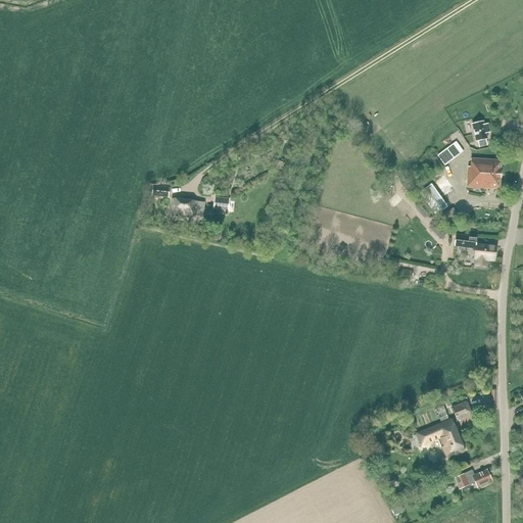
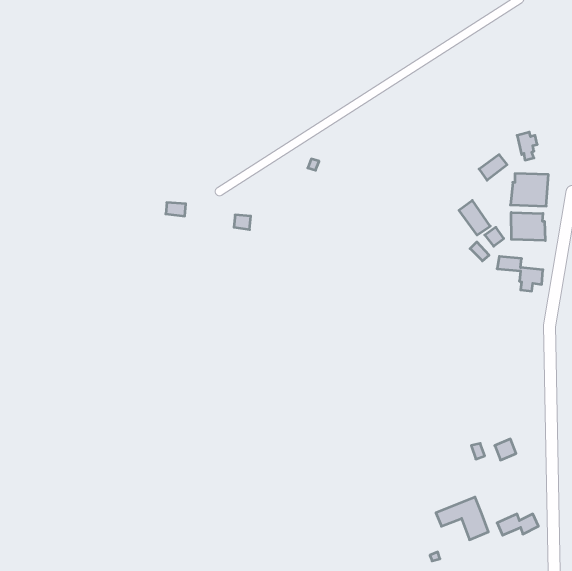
building: none -> [511,212,545,241]
building: [169,198,204,218] -> none
building: [416,419,464,458] -> [436,497,488,540]

